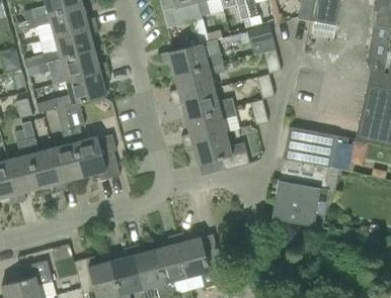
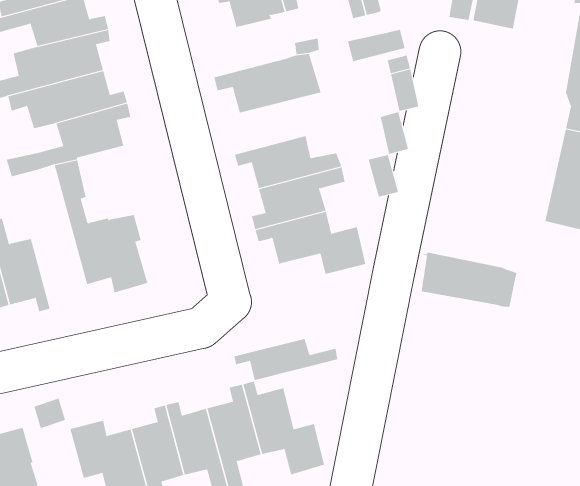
building: [169,63,225,99] -> none
building: [52,105,84,190] -> none
building: [286,126,347,167] -> none
building: [271,179,321,226] -> none
building: none -> [234,338,338,381]

